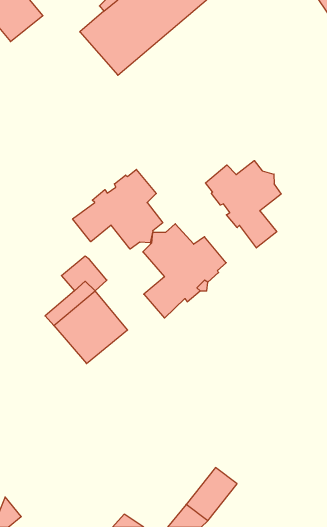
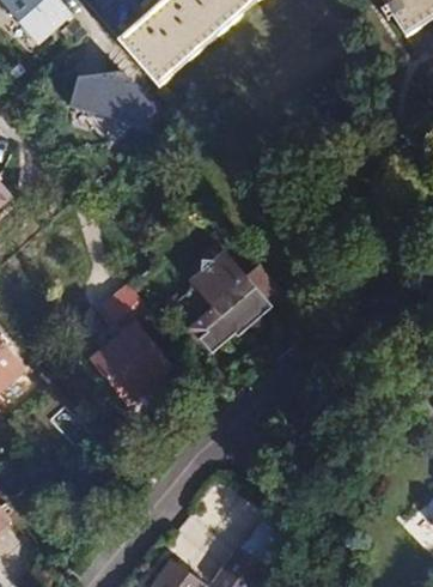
building: none -> [69,69,160,129]
building: [205,161,281,248] -> none
building: [73,169,163,249] -> none

